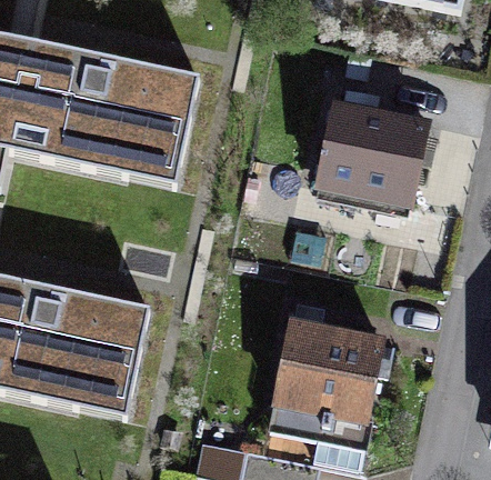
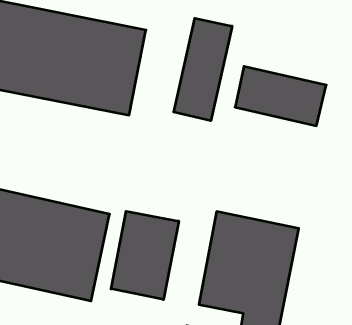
building: none -> [174,18,232,121]
building: none -> [111,211,179,300]

